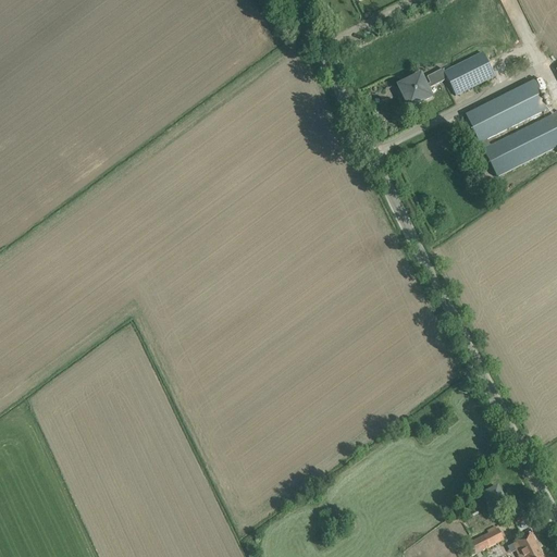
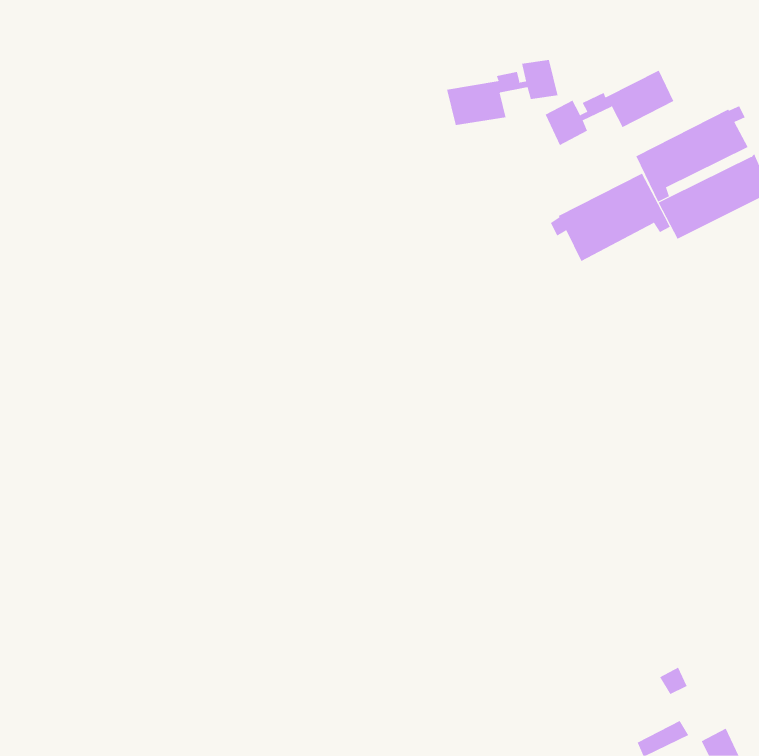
building: none -> [446,59,558,126]
building: none -> [550,173,671,262]

